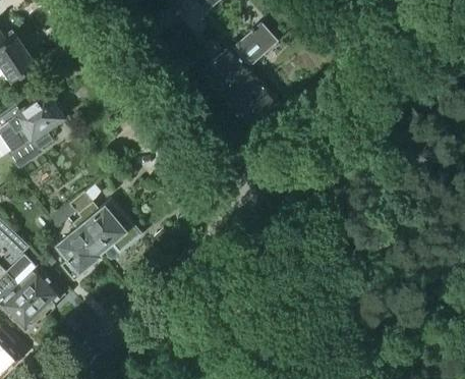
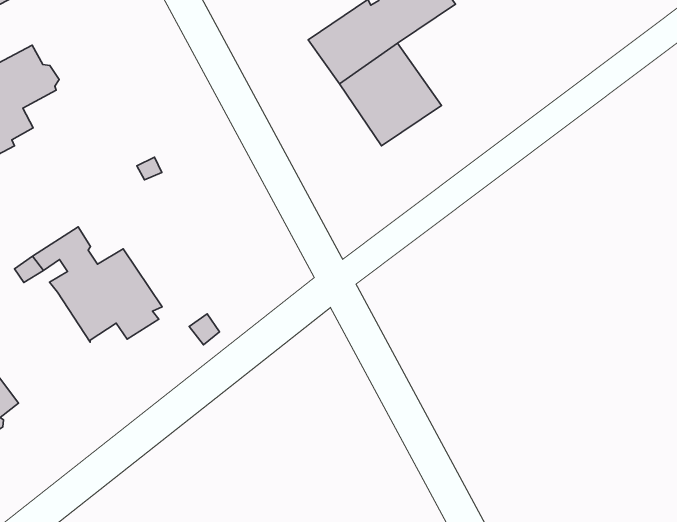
building: [55,229,99,281] -> none

